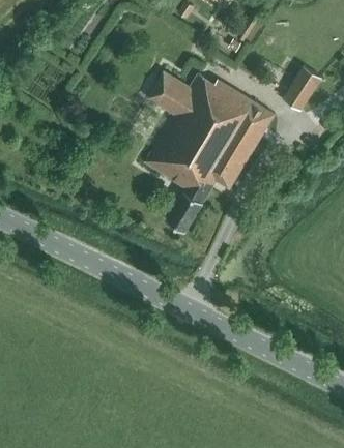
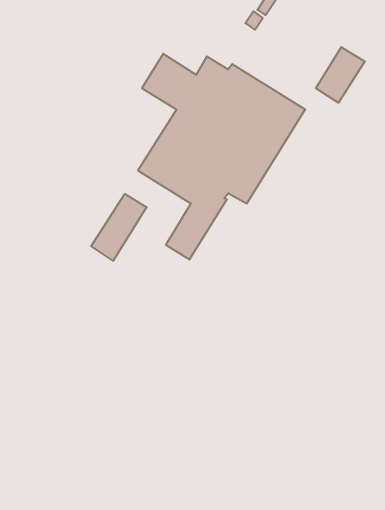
building: none -> [91,194,147,261]

